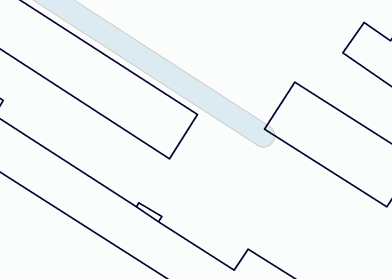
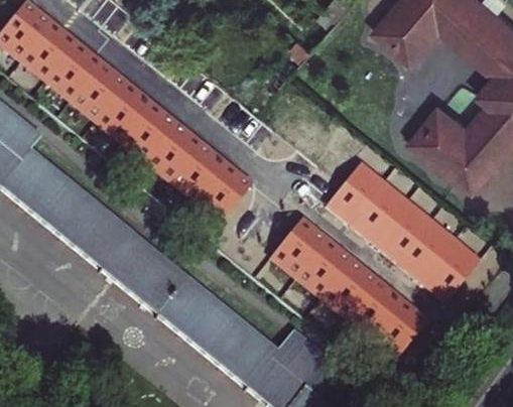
building: none -> [268,219,428,360]

